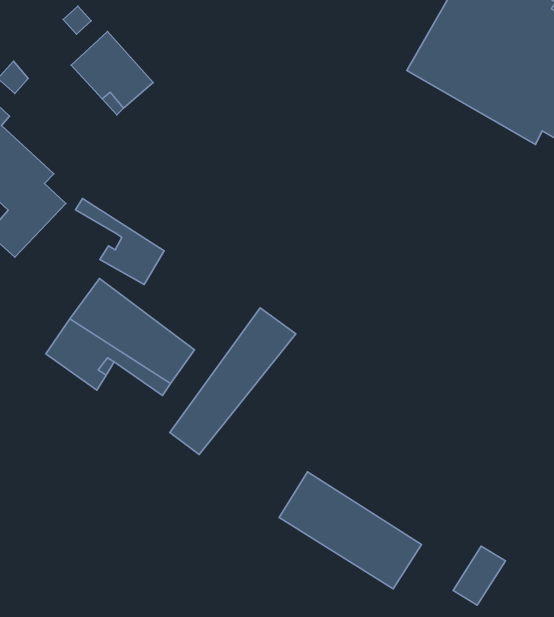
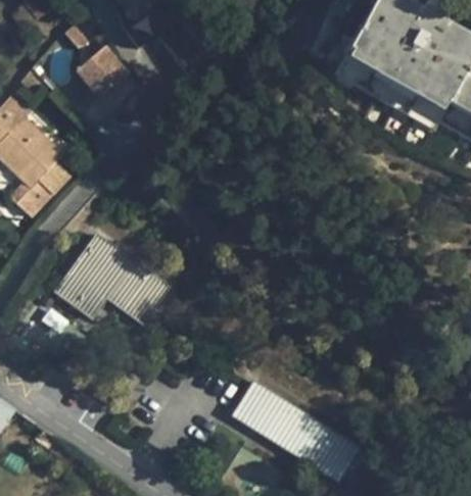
building: [75,198,164,284] -> none
building: [170,308,296,455] -> none
building: [453,546,505,605] -> [322,434,362,479]

